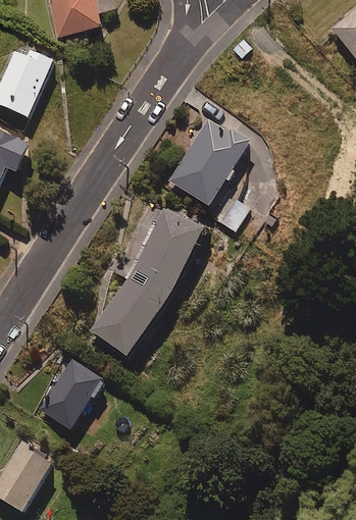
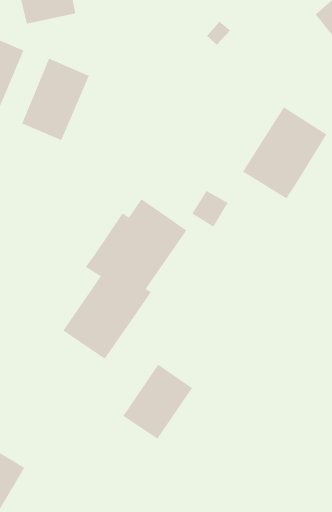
building: none -> [22,58,89,141]
building: [167,118,249,207] -> [242,107,327,199]
building: [37,357,104,429] -> [123,364,193,439]

